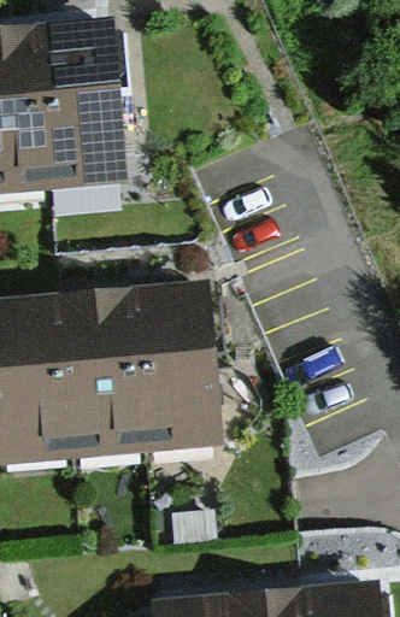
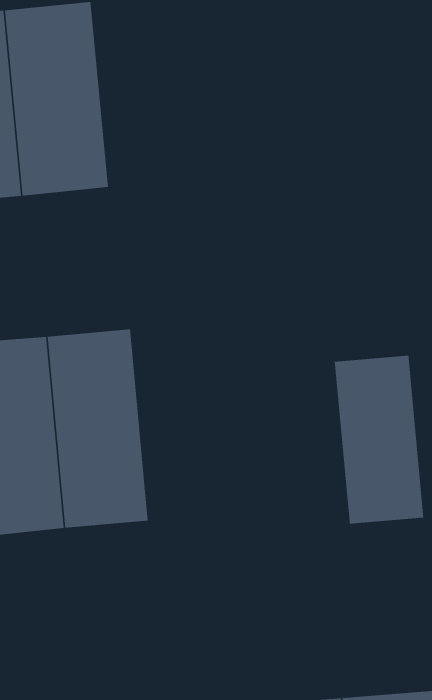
building: [130,283,213,446] -> none
building: none -> [334,355,424,525]

